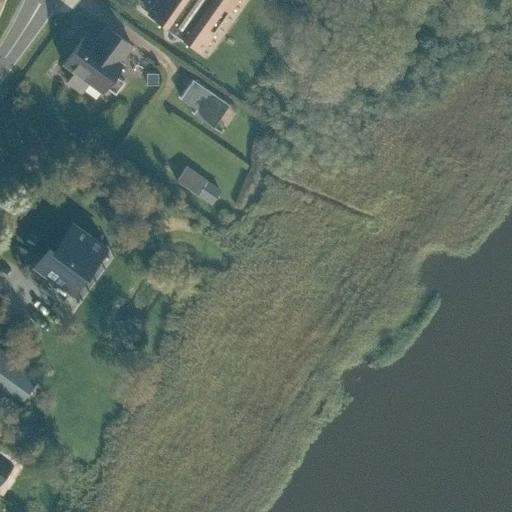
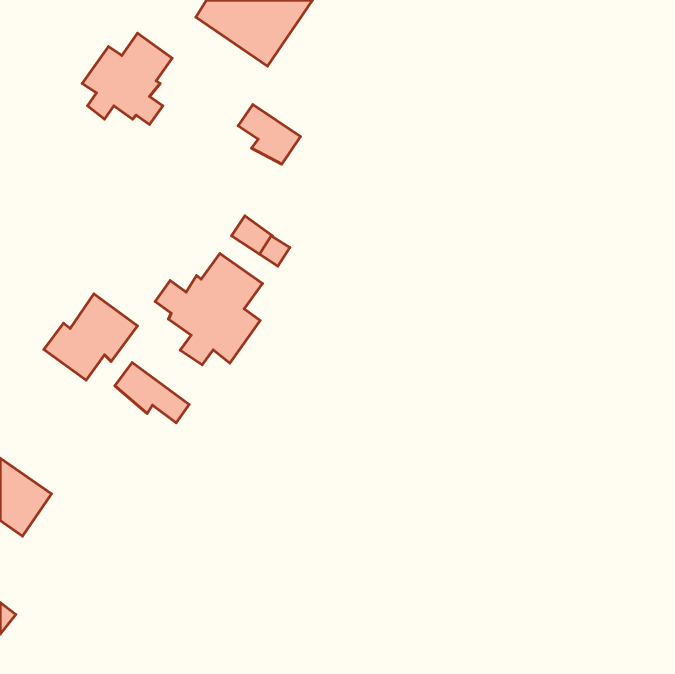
building: none -> [155,254,263,365]
building: none -> [115,362,189,423]

